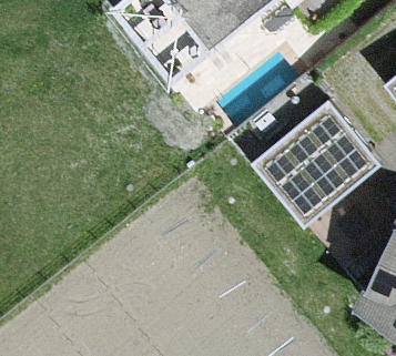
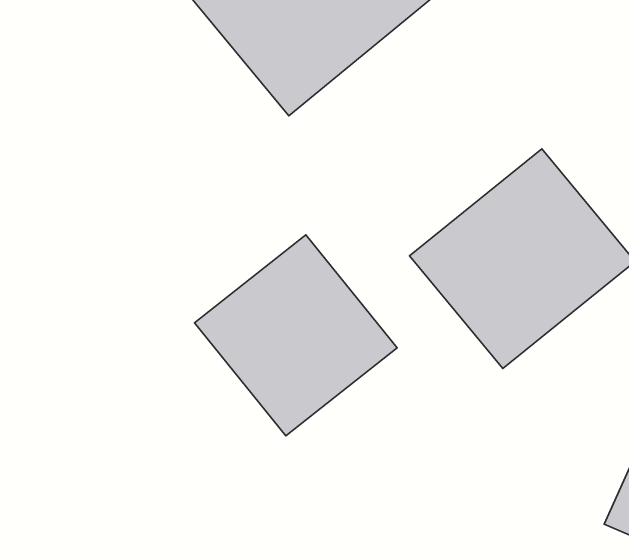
building: none -> [195,235,397,436]

